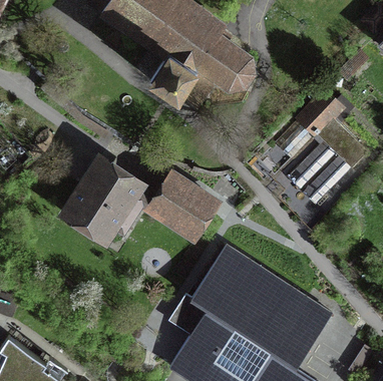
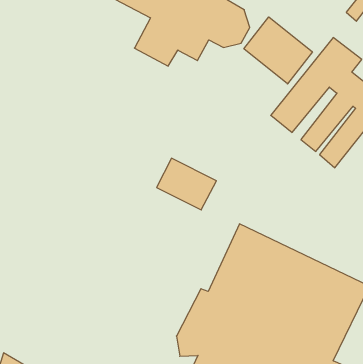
building: none -> [244,17,312,84]
building: [66,159,140,238] -> none

